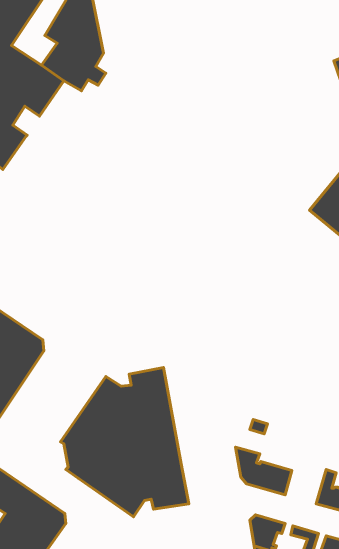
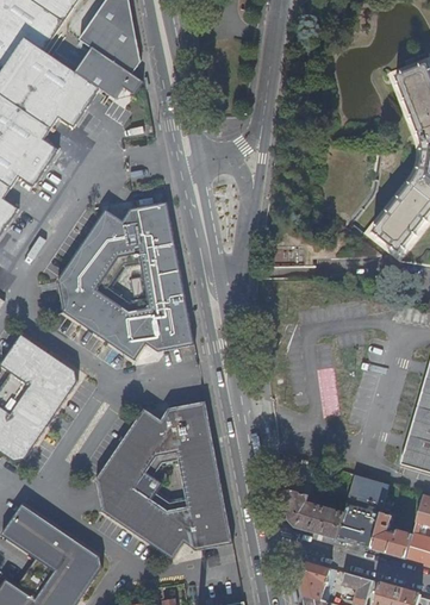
building: none -> [54,204,195,360]
building: none -> [336,473,388,547]

